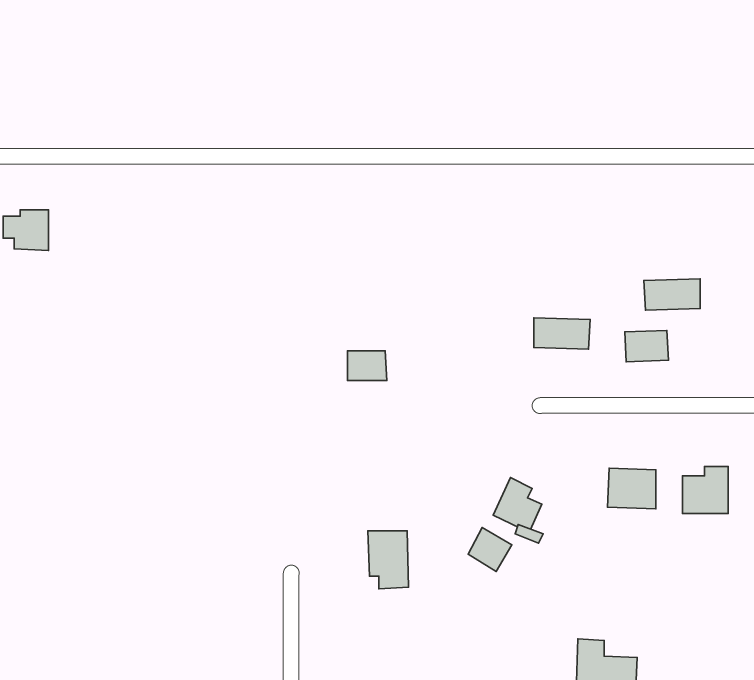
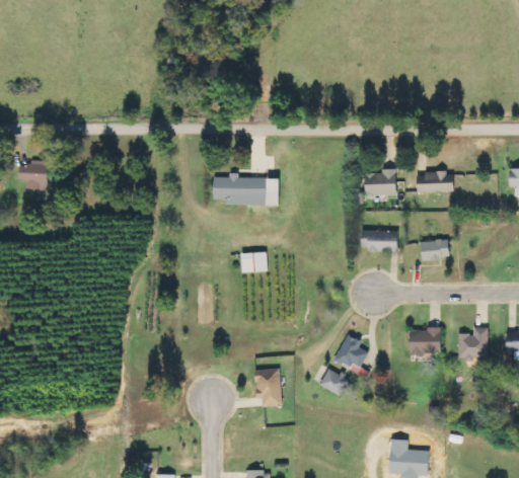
building: none -> [365,168,396,195]
building: none -> [213,172,280,206]
building: [644,279,700,310] -> [417,171,453,191]

